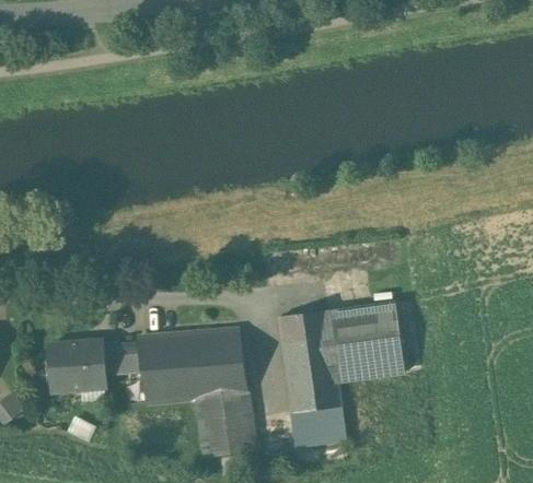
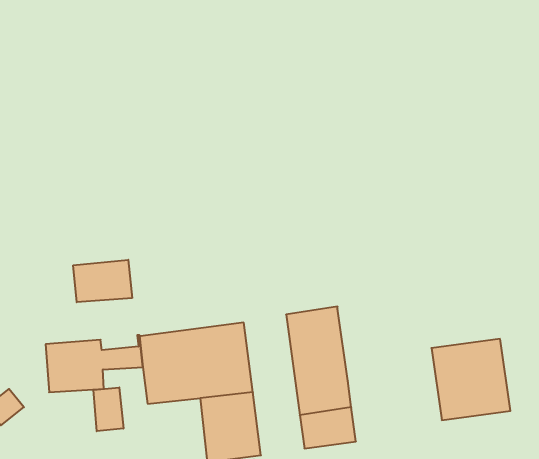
building: none -> [73,260,132,302]
building: [327,304,403,381] -> [431,339,510,420]
building: none -> [93,387,123,431]

